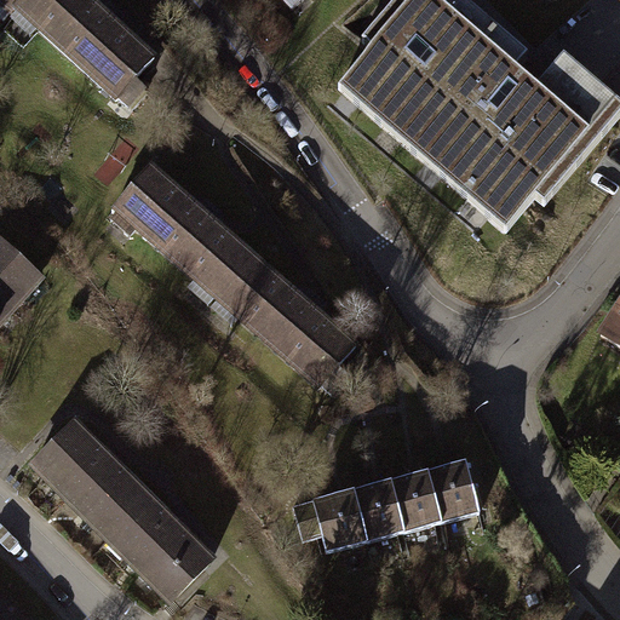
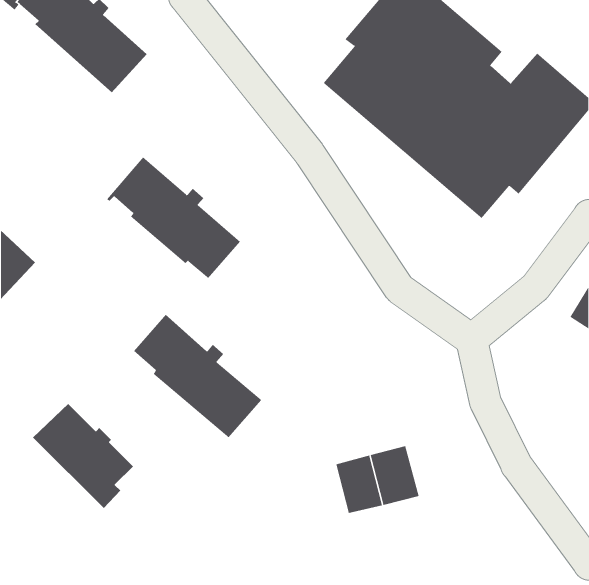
building: [219,254,355,385] -> [133,314,262,438]
building: [426,459,480,522] -> none
building: [292,488,366,551] -> none
building: [109,490,209,598] -> none

